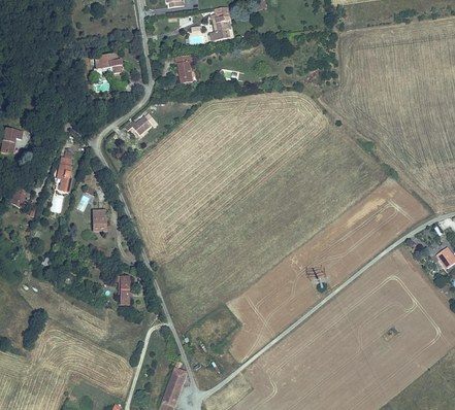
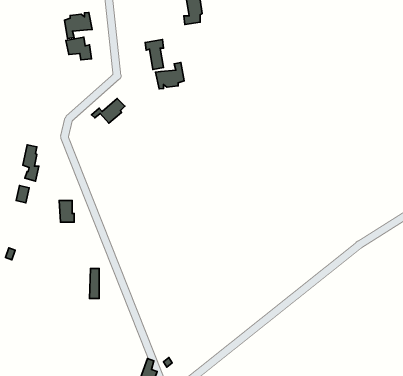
building: none -> [65,13,92,39]
building: none -> [156,63,184,89]

